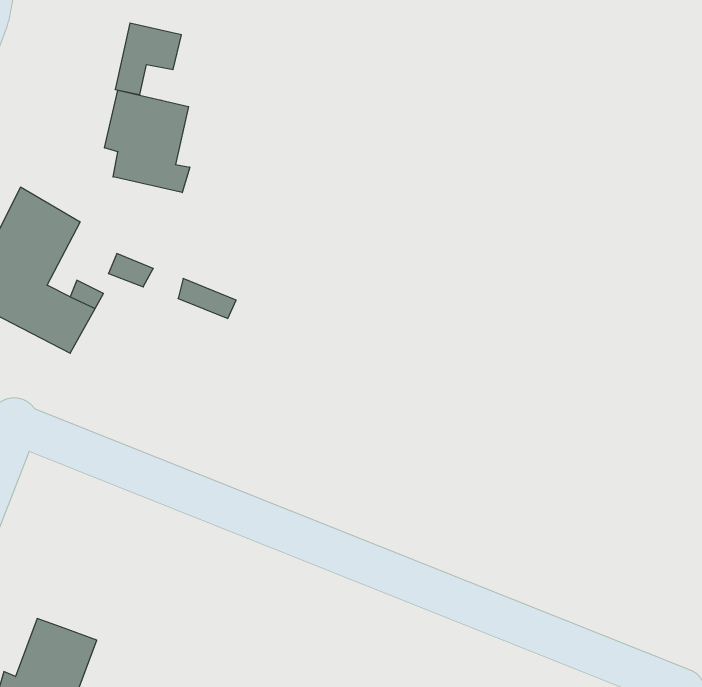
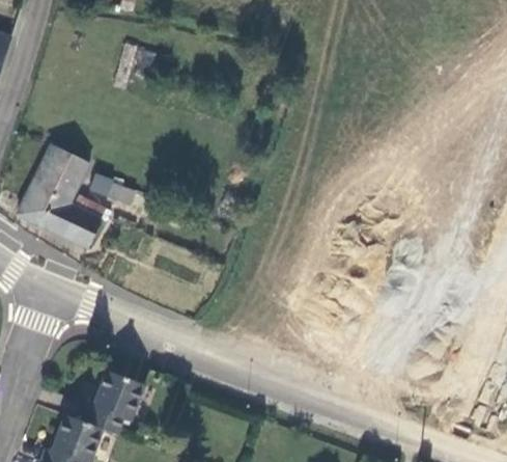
building: [105,90,190,193] -> none
building: none -> [78,370,142,434]

